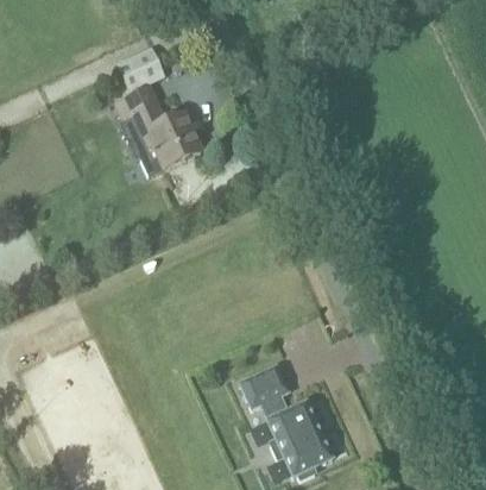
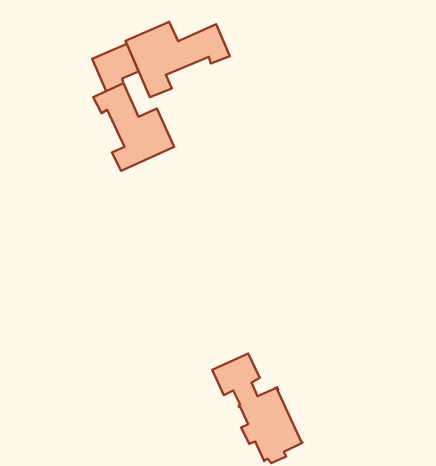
building: none -> [126,22,230,97]

